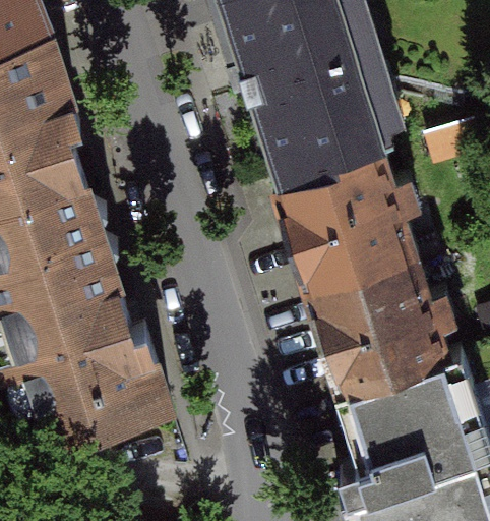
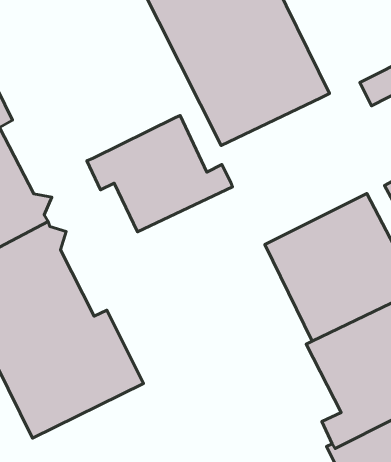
building: none -> [87,115,232,232]
building: [278,152,418,288] -> none

